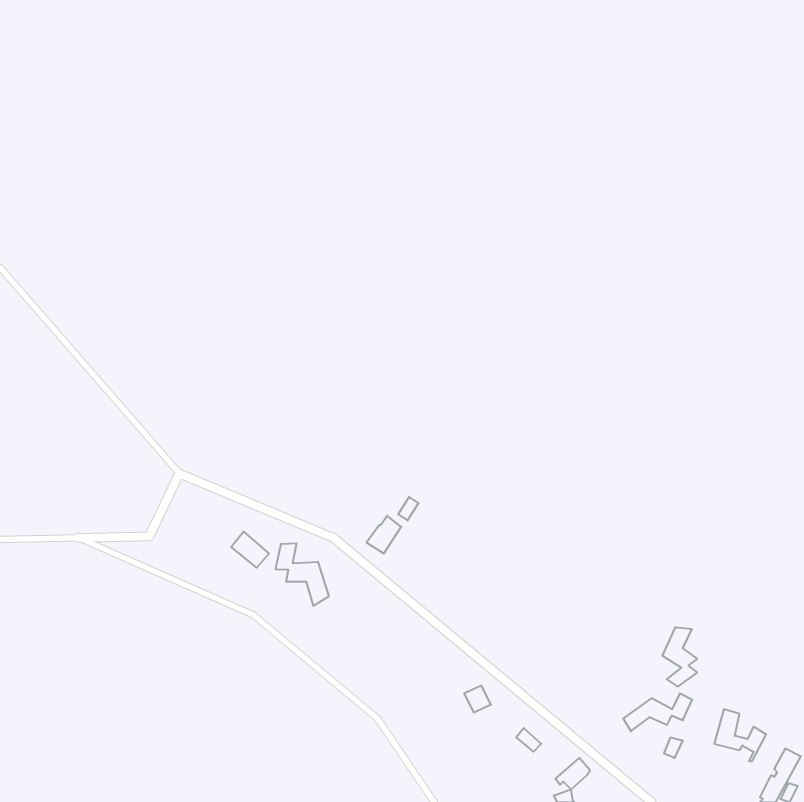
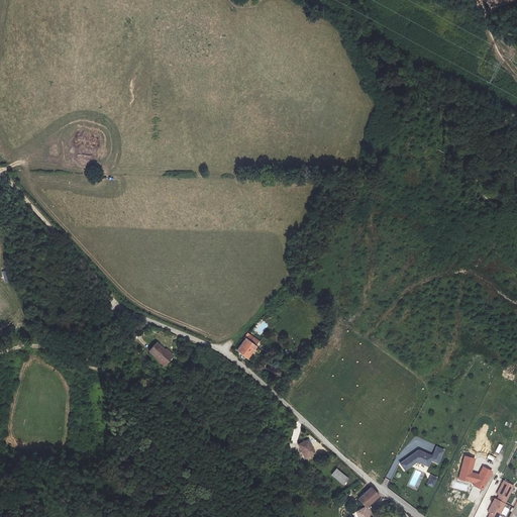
building: [276,543,329,606] -> none
building: [662,627,697,687] -> none

